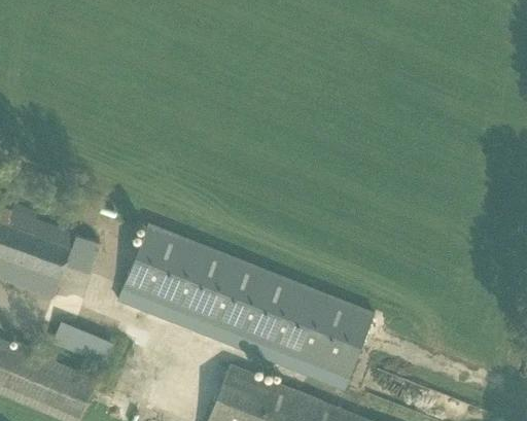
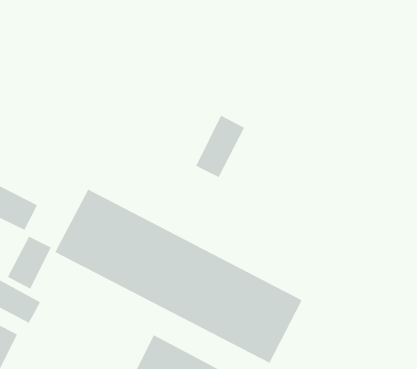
building: none -> [196,115,245,178]
building: none -> [7,236,51,289]

